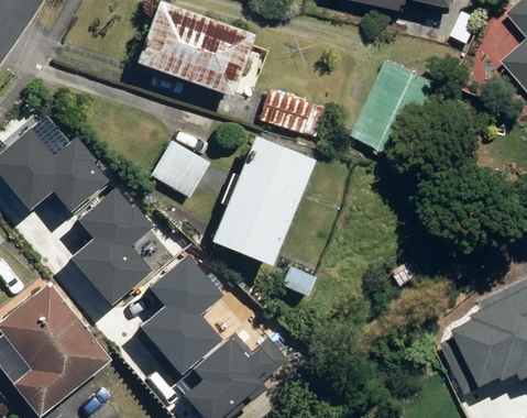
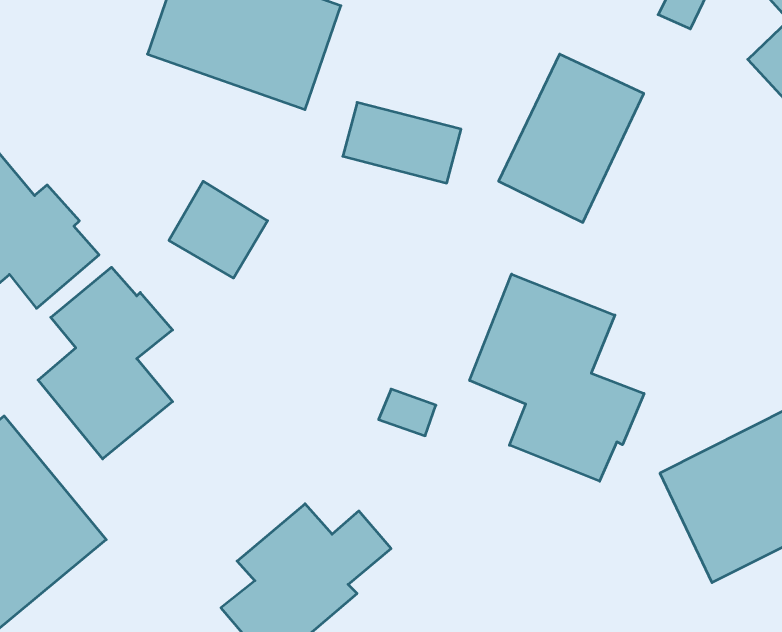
building: [212,133,315,263] -> none
building: none -> [470,274,644,481]
building: [139,258,222,378] -> none

